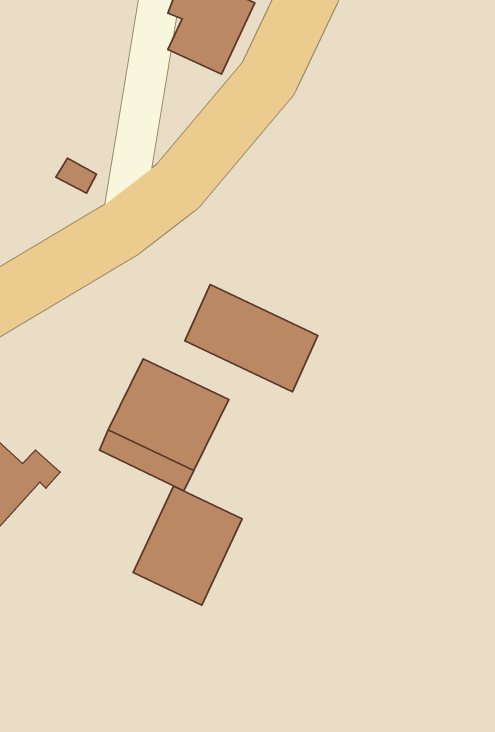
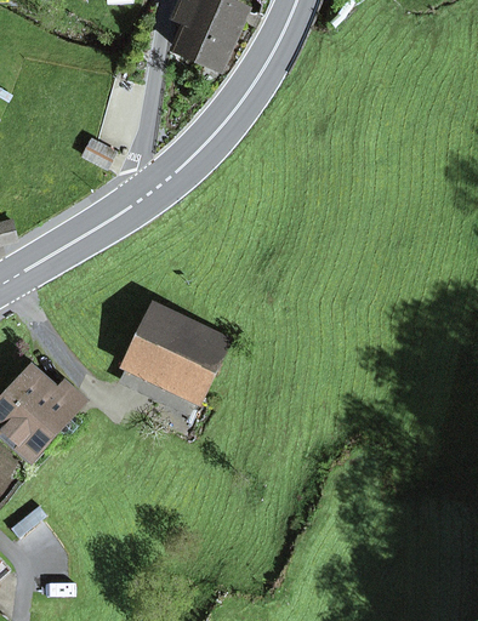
building: [185,284,318,392] -> none
building: [133,486,242,605] -> none

